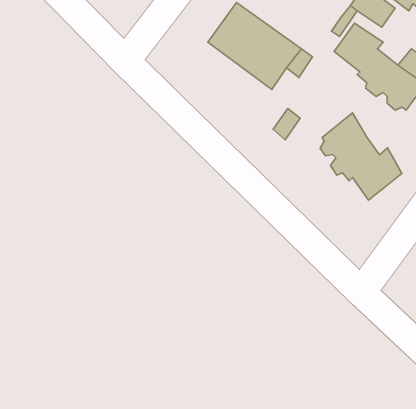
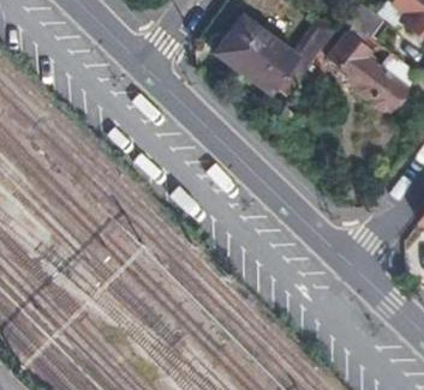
building: [320,113,402,200] -> none

